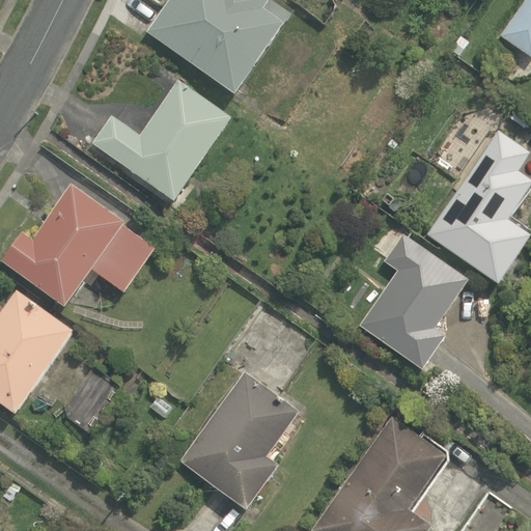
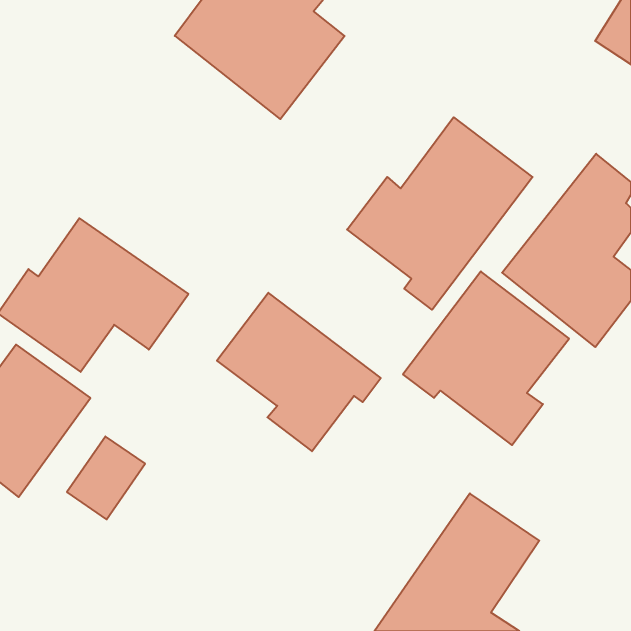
building: [87,78,231,201] -> none
building: none -> [347,117,533,310]
building: none -> [217,293,381,451]
building: [175,368,306,514] -> none

